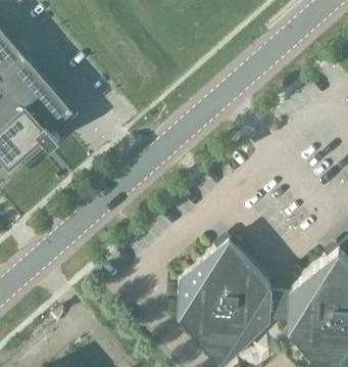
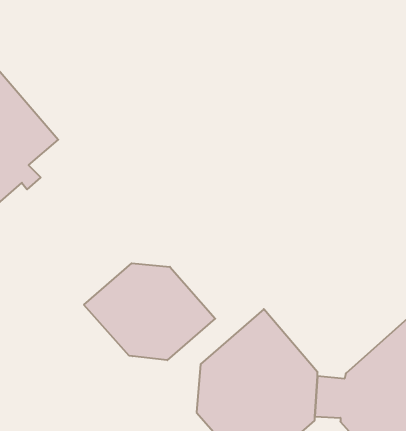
building: none -> [84,263,215,360]

